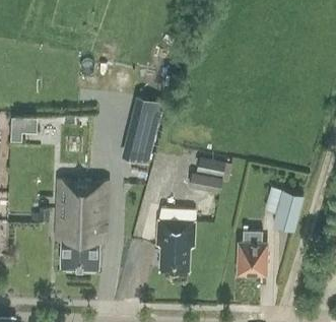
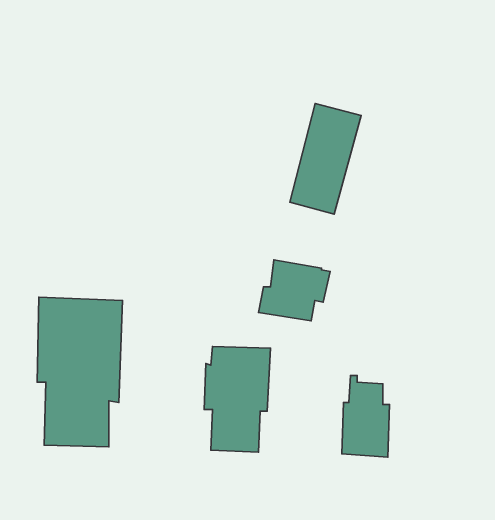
building: [128,93,171,159] -> [290,103,361,214]
building: [264,189,304,233] -> none

